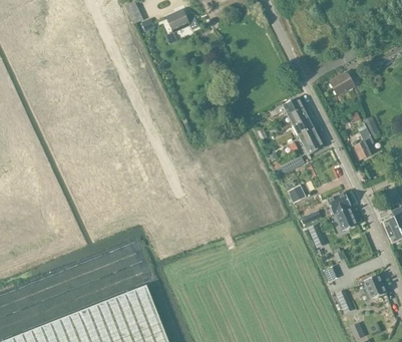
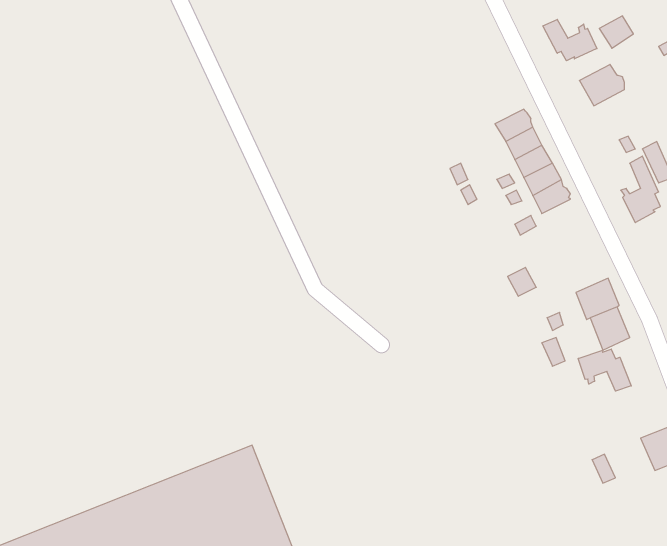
building: none -> [543,19,597,61]
building: none -> [578,349,631,391]

